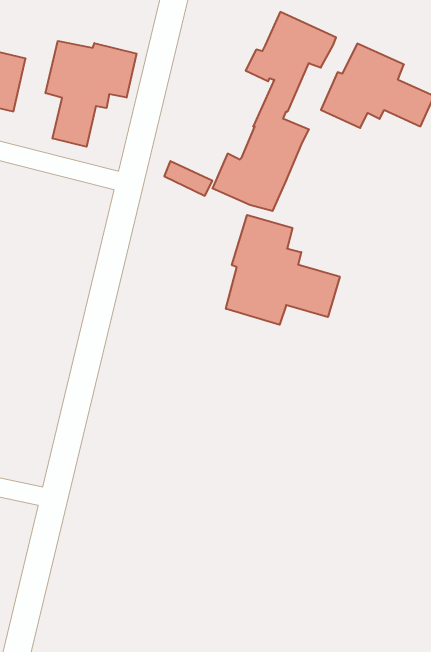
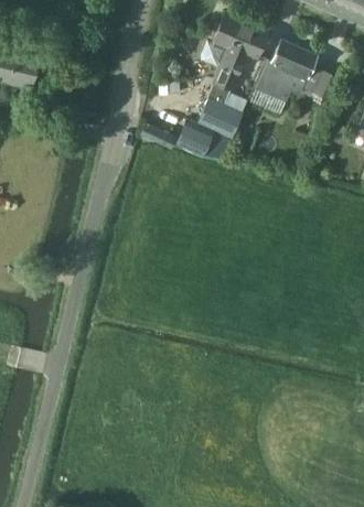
building: [46,41,137,147] -> none
building: [226,215,340,325] -> none

